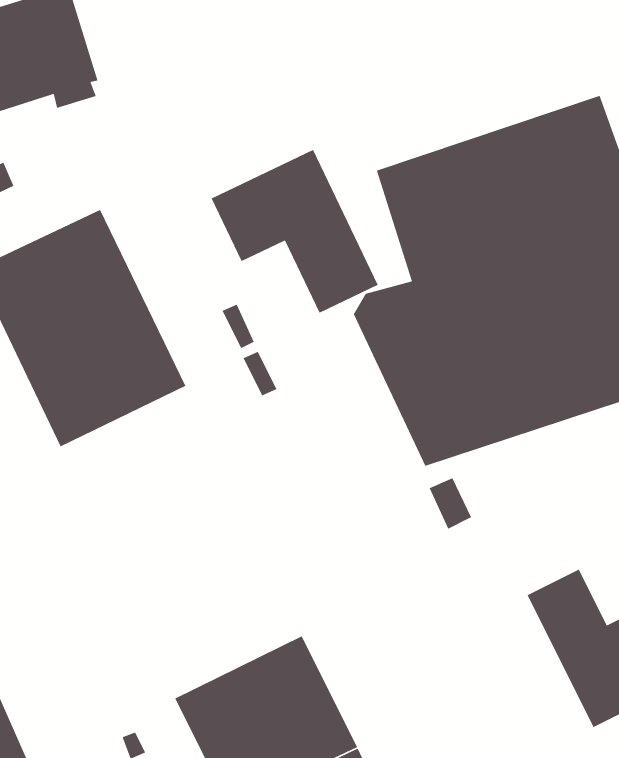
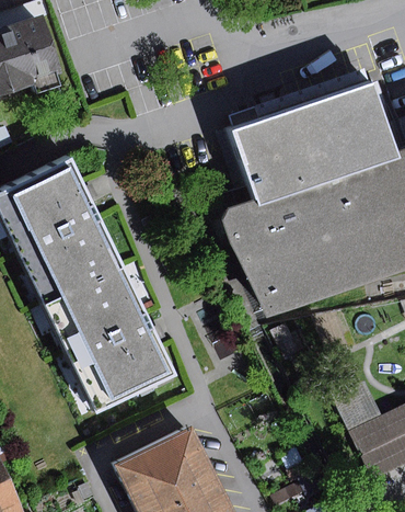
building: [210,149,379,314] -> none
building: none -> [39,265,169,410]

